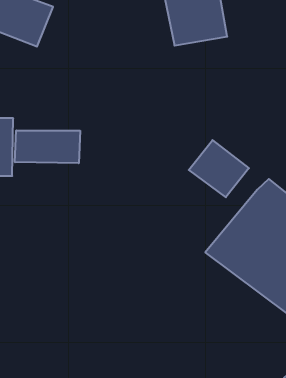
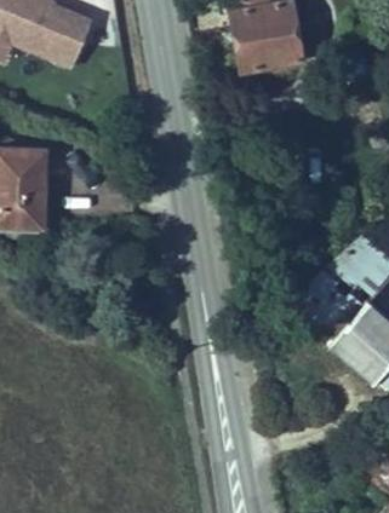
building: [15,130,80,163] -> none
building: [189,140,249,197] -> none

